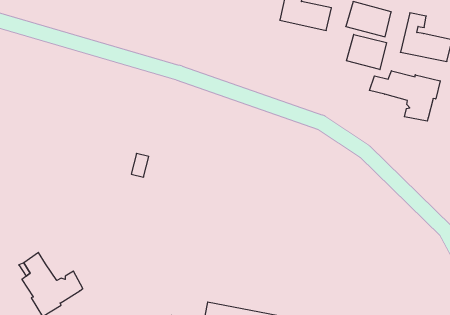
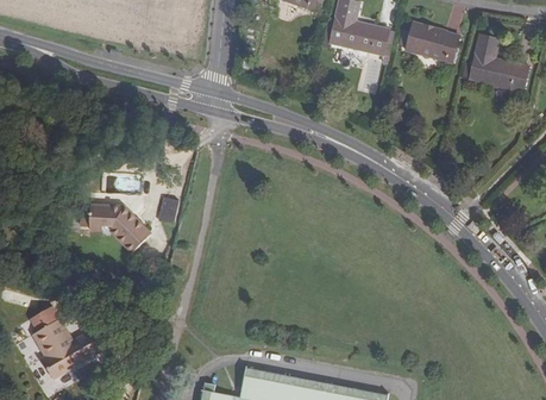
building: [347,34,386,70] -> none
building: [369,71,440,121] -> none
building: none -> [88,204,150,251]

